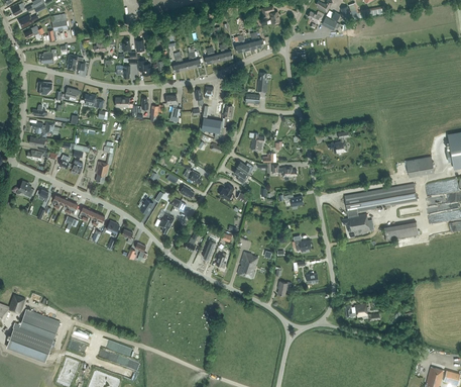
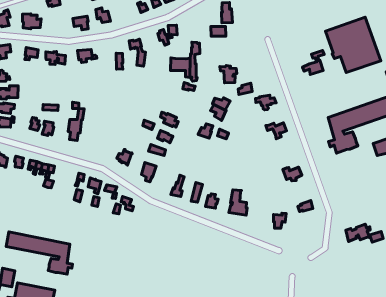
building: none -> [326,17,381,73]
building: none -> [6,232,73,274]

